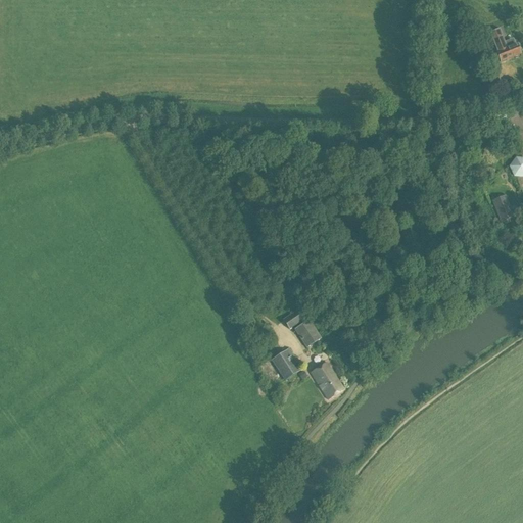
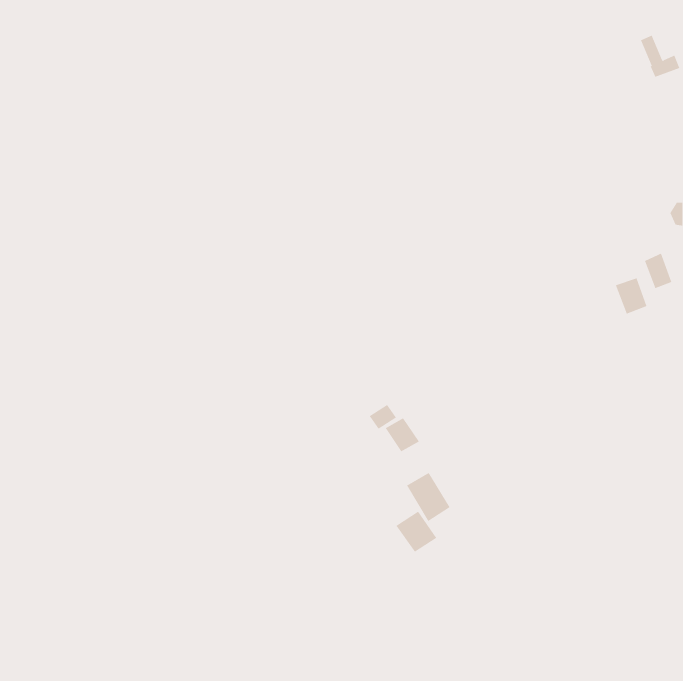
building: none -> [615,277,647,315]
building: [271,347,302,379] -> [396,511,437,552]

